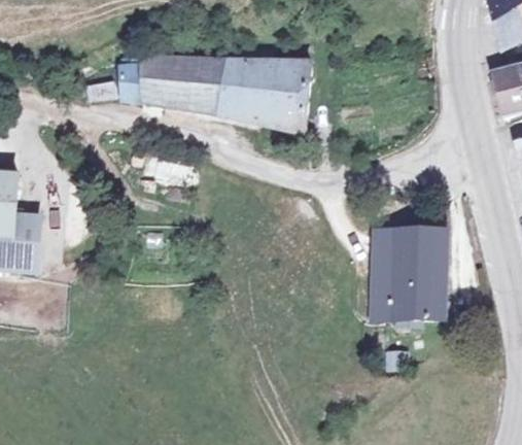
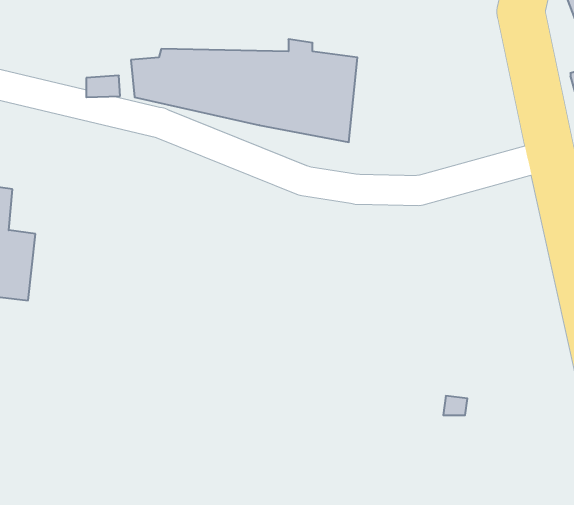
building: [370,232,445,321] -> none

